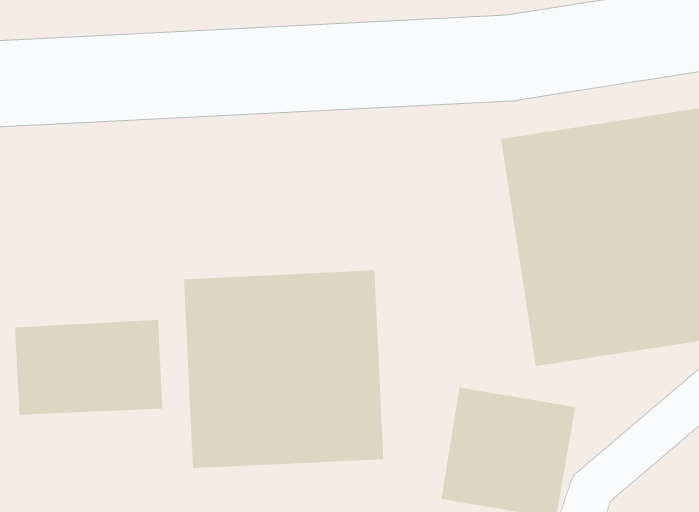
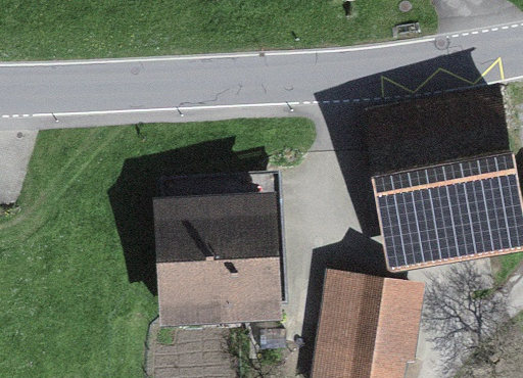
building: [14,319,163,415] -> none

